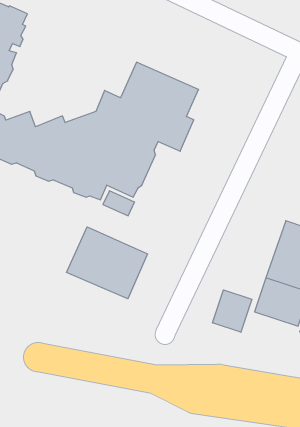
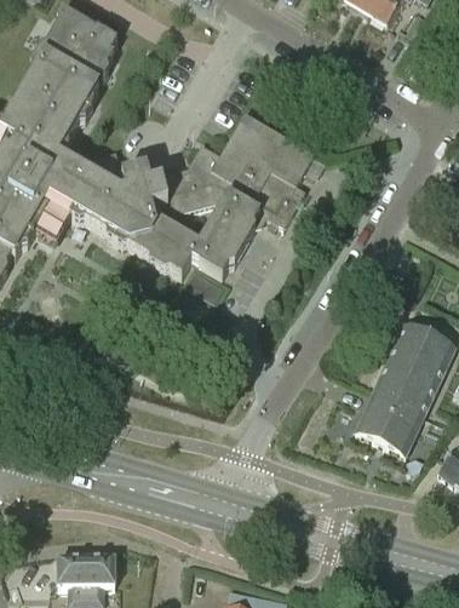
building: [67,227,148,299] -> none
building: [213,290,252,332] -> none

